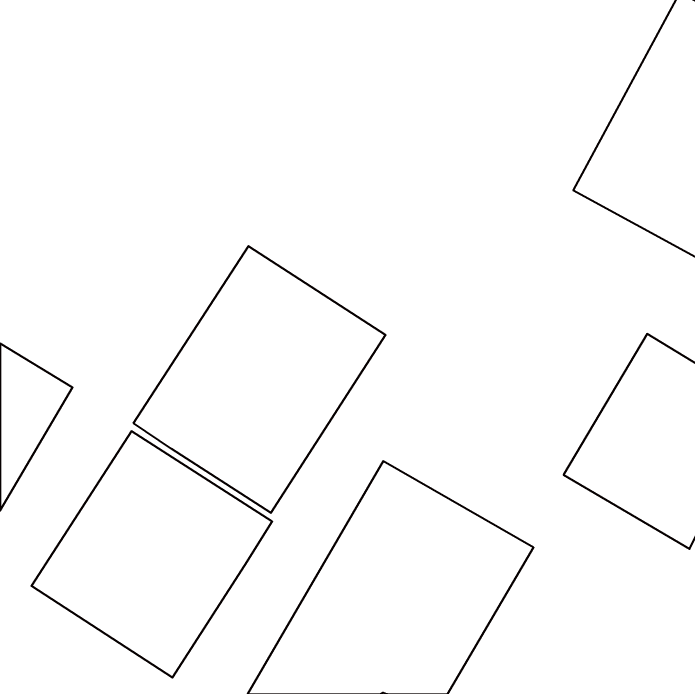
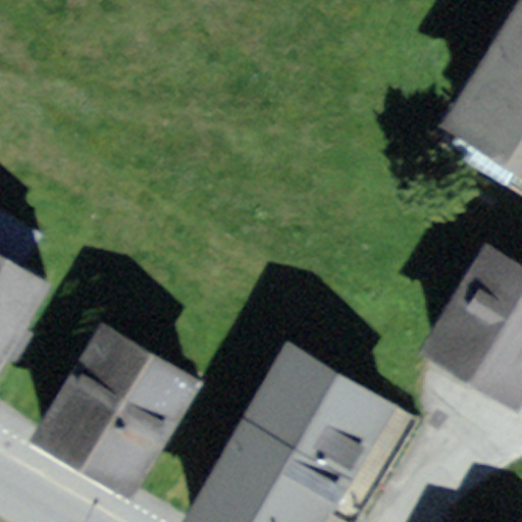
building: [134,246,385,513] -> none

